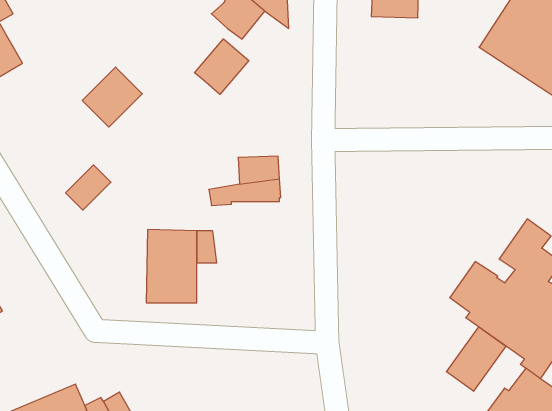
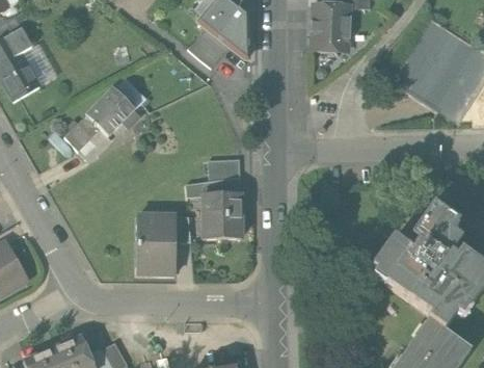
building: [195,39,249,94] -> none
building: [66,165,111,210] -> [64,113,100,149]
building: none -> [203,192,241,236]
building: [446,327,506,391] -> none

